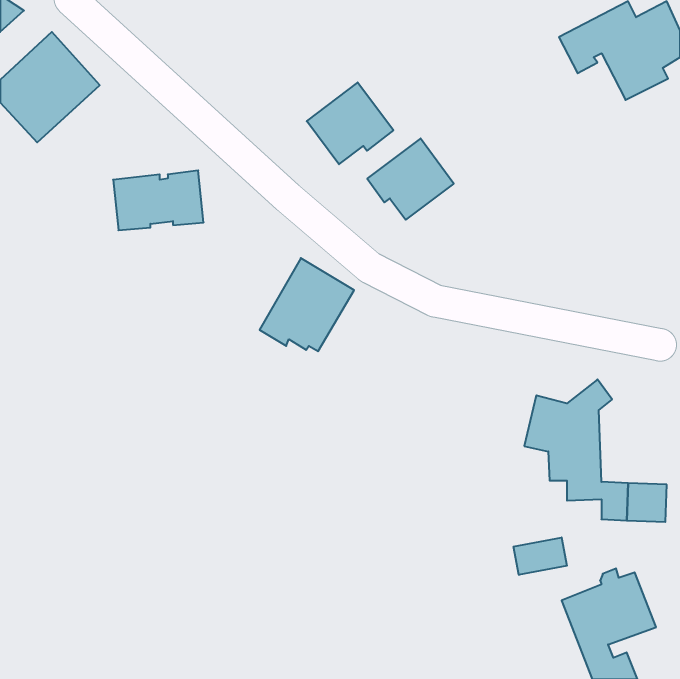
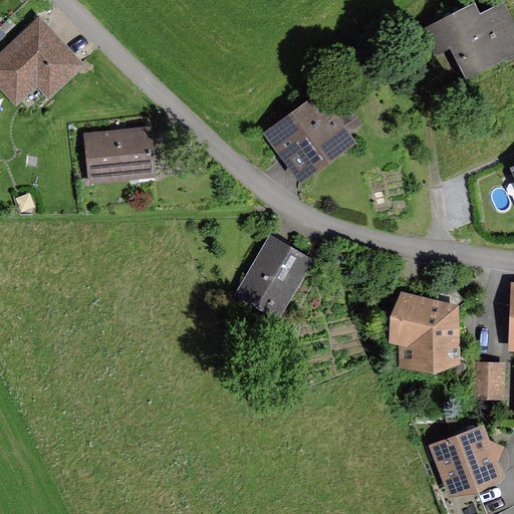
building: [307,82,393,164] -> none
building: [260,258,354,351] -> [239,236,310,306]
building: [514,537,567,575] -> none

